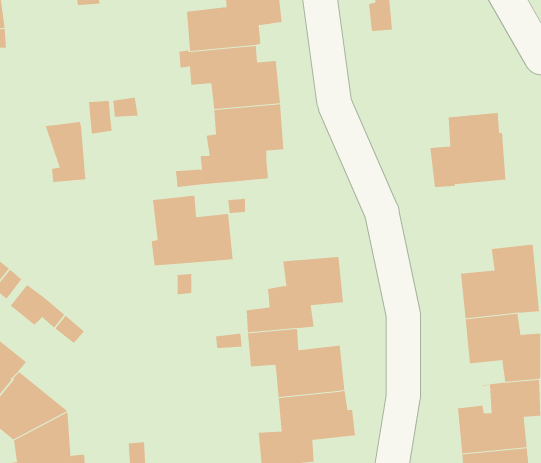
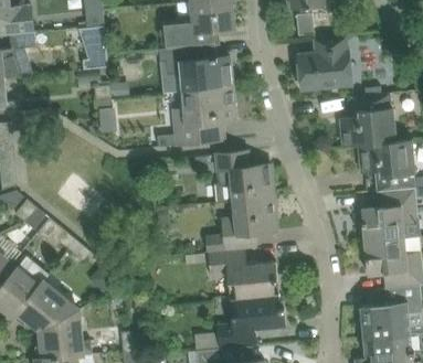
building: none -> [297,35,351,90]
building: [45,121,86,183] -> [77,25,107,70]
building: none -> [358,140,414,192]
building: [151,195,233,266] -> [214,151,274,202]

